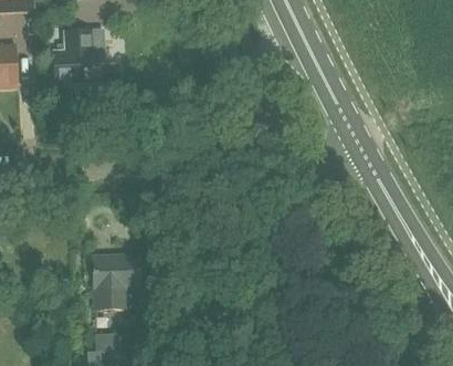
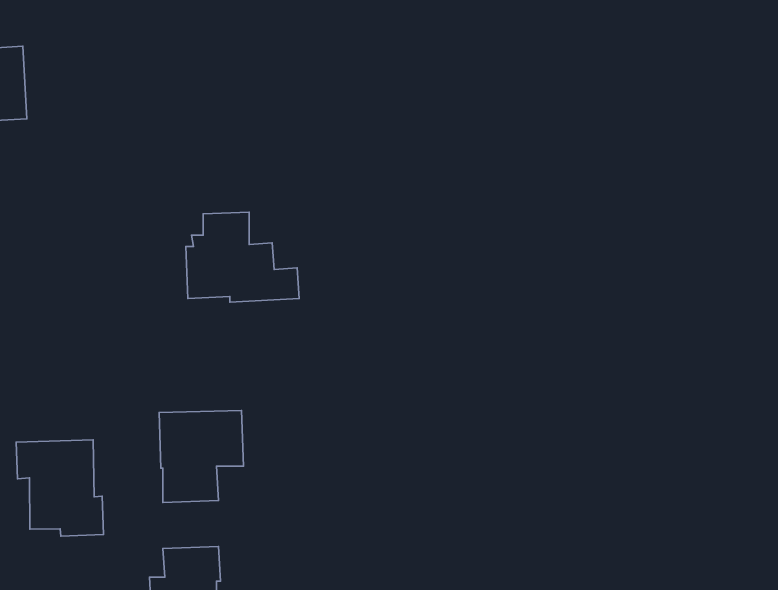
building: [54,30,119,82] -> [186,212,299,302]
building: none -> [16,440,103,536]

